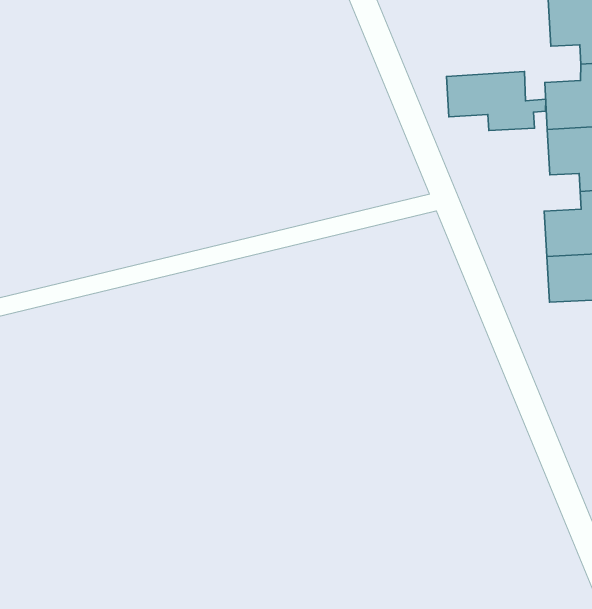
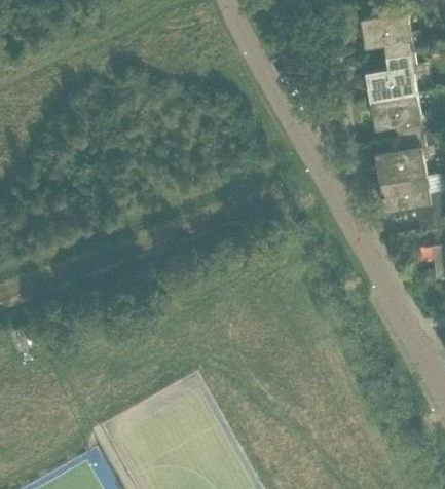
building: [447,72,546,131] -> none

